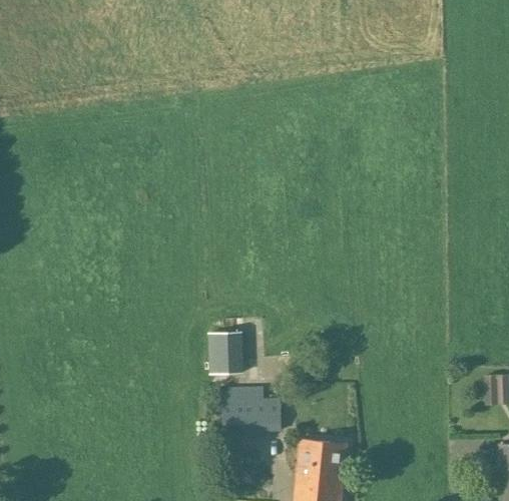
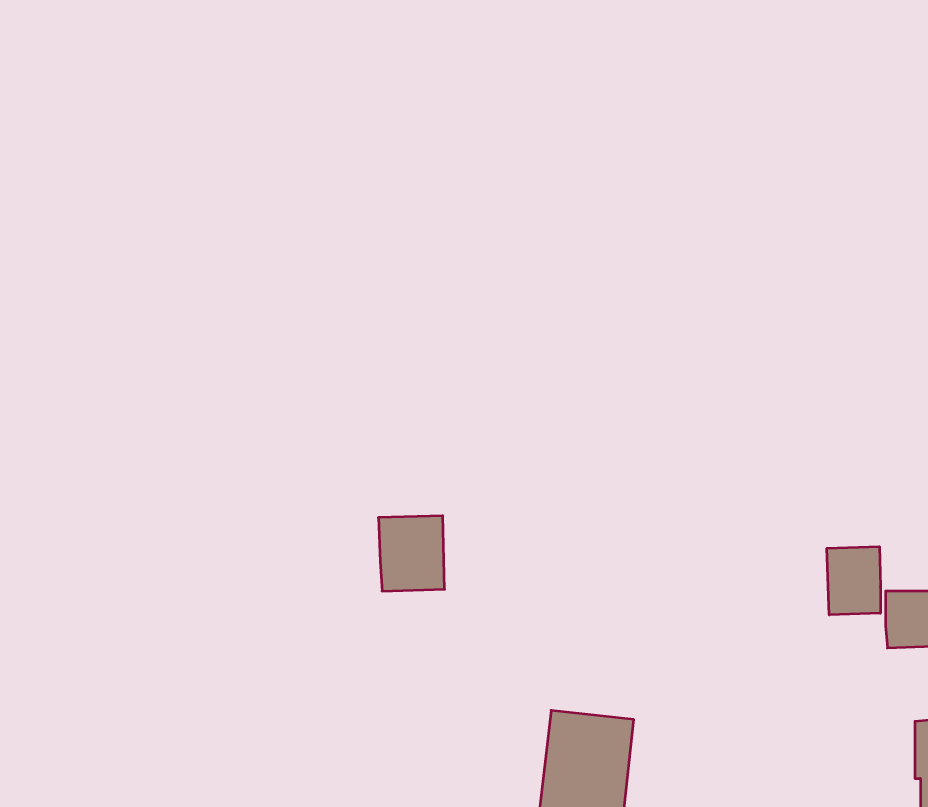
building: none -> [827,547,880,615]
building: [222,387,282,432] -> none

